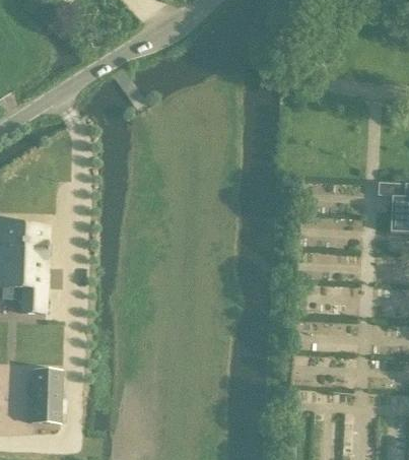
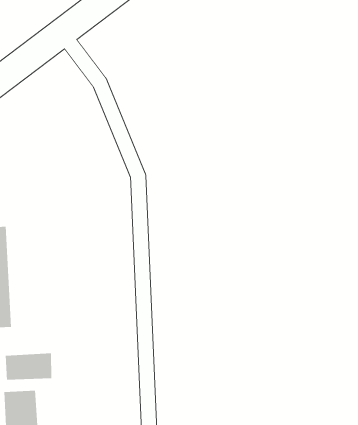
building: none -> [5,353,52,380]

